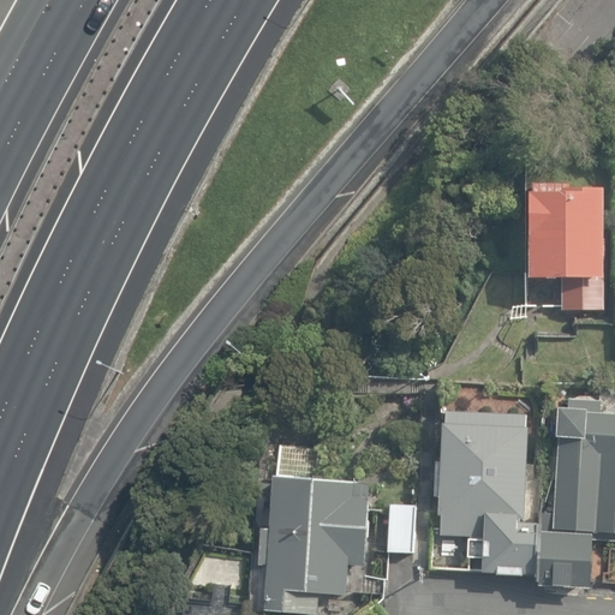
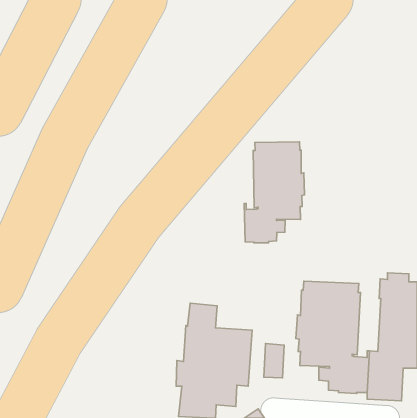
building: [529,184,602,310] -> none
building: none -> [244,142,305,243]

